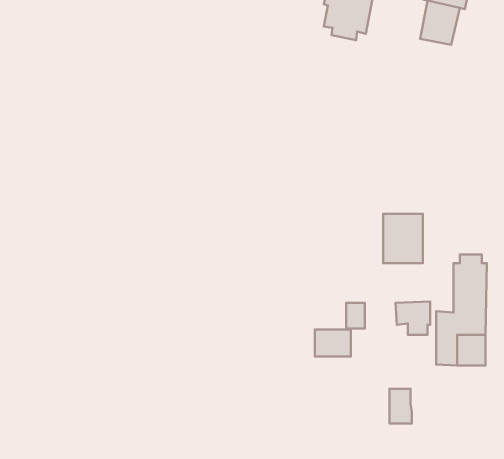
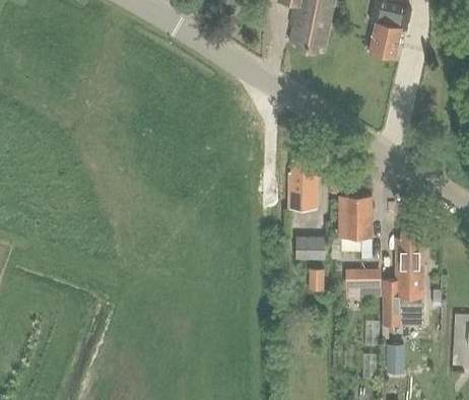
building: none -> [288,159,315,207]
building: [315,329,351,356] -> [294,237,324,259]
building: [390,389,412,423] -> [386,345,404,374]

